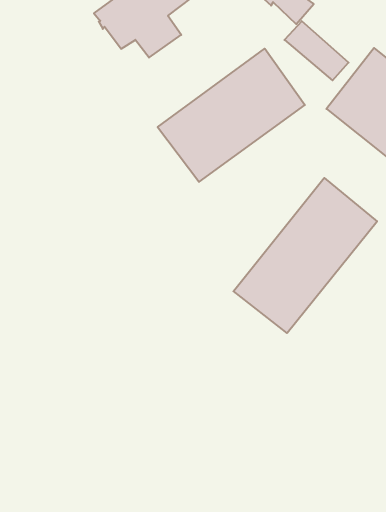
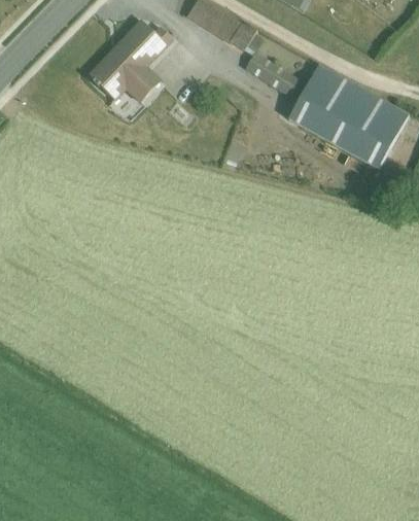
building: [158,49,305,182] -> none
building: [233,178,377,333] -> none

